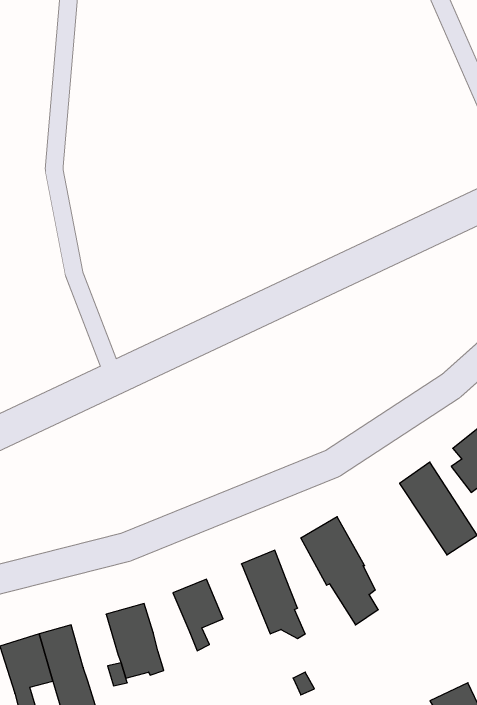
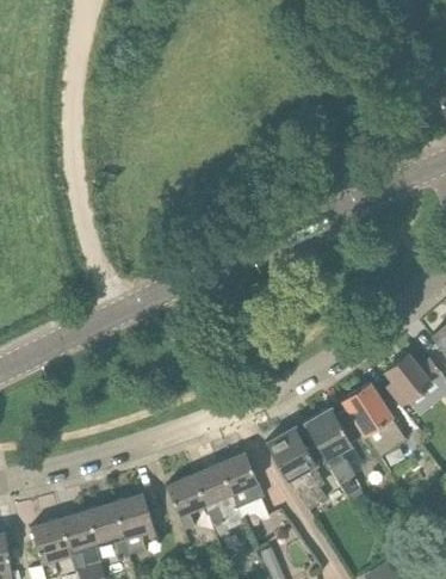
building: none -> [304,407,365,505]
building: none -> [192,463,244,537]
building: none -> [86,503,123,544]

